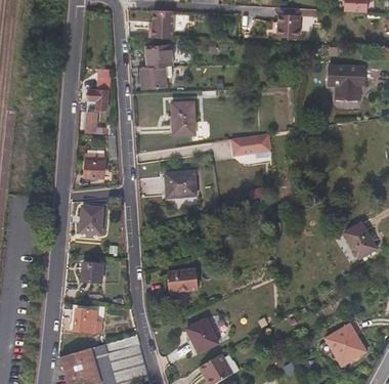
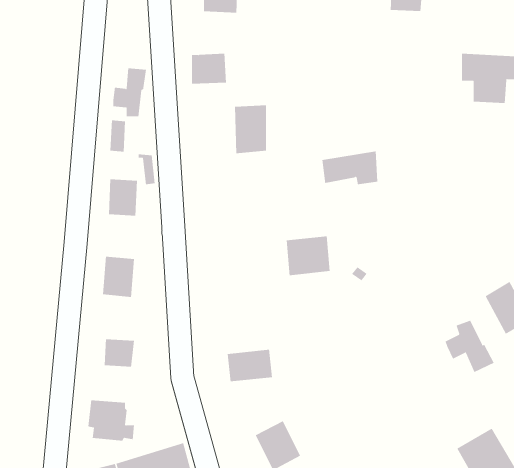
building: [145,44,171,67] -> none
building: [165,171,196,199] -> [286,236,330,276]
building: none -> [445,320,495,373]

